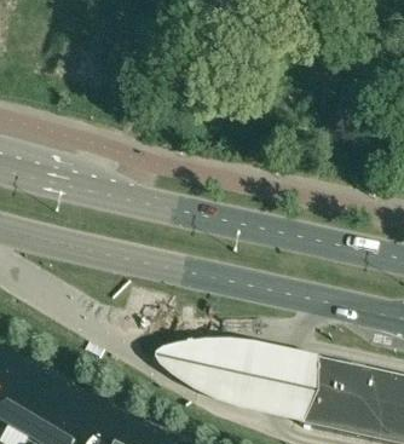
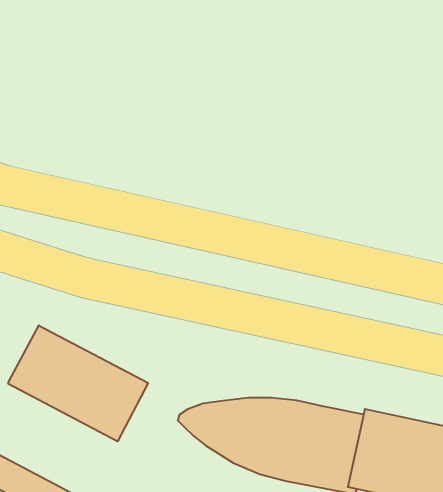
building: none -> [8,325,148,441]

